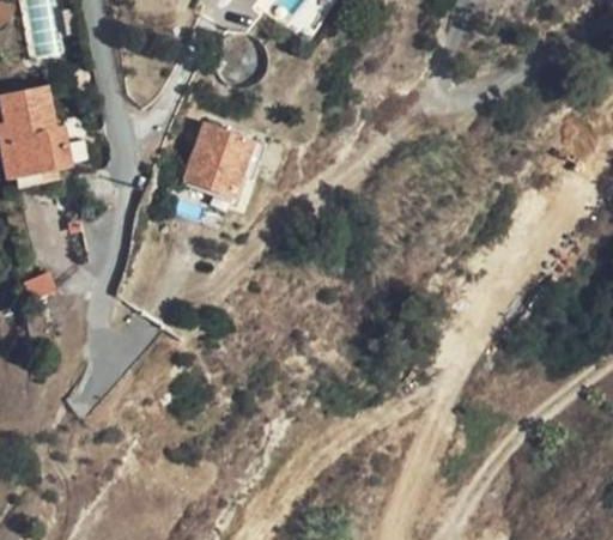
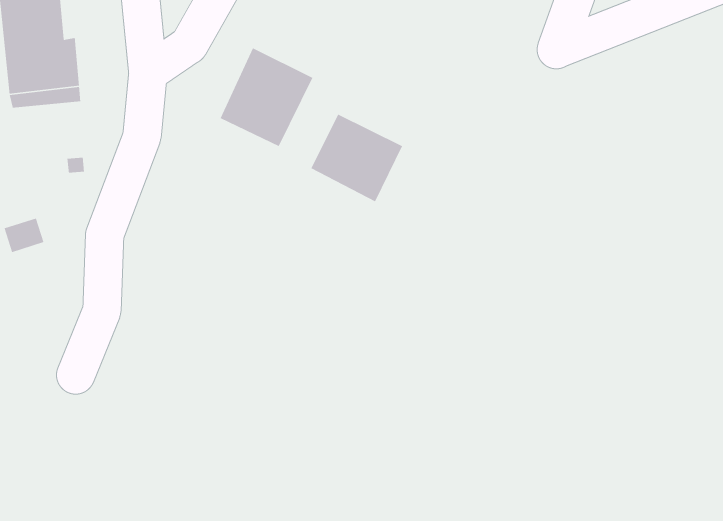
building: none -> [310,114,403,203]

